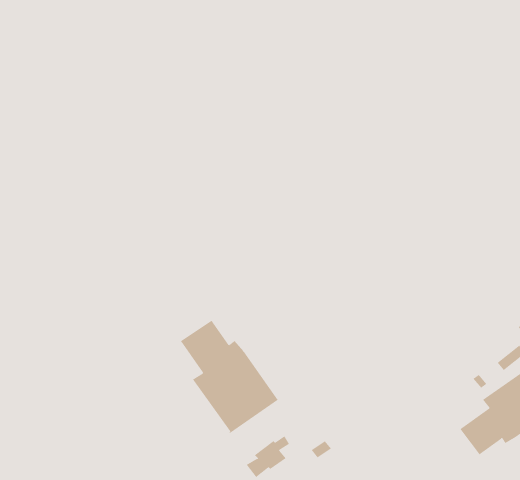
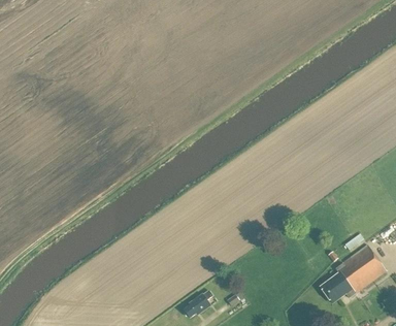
building: [180,320,278,434] -> none

